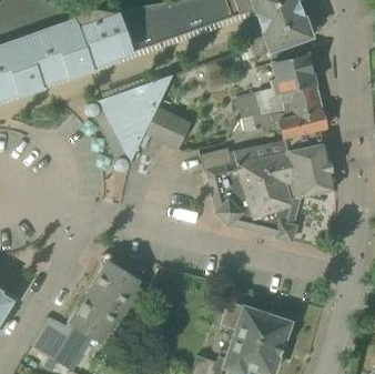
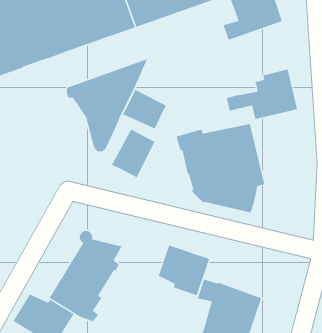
building: [254,53,316,113] -> none
building: [277,129,336,199] -> none
building: none -> [111,128,156,178]
building: none -> [158,244,210,296]

